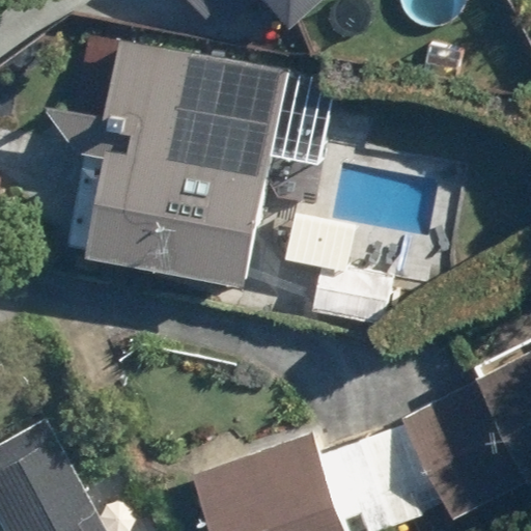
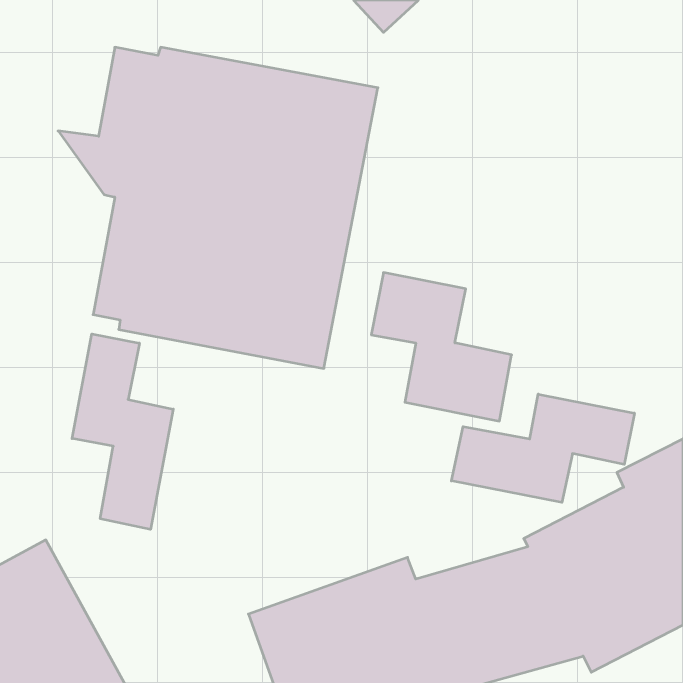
building: none -> [72,334,173,529]
building: none -> [451,394,634,502]

